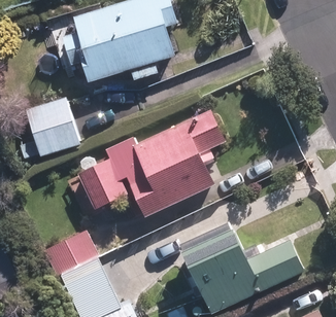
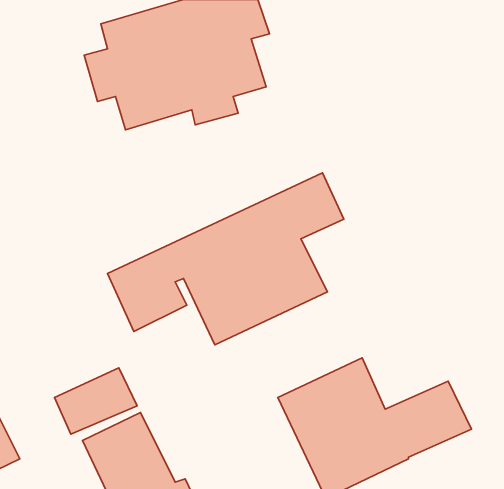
building: [24,98,78,155] -> none

